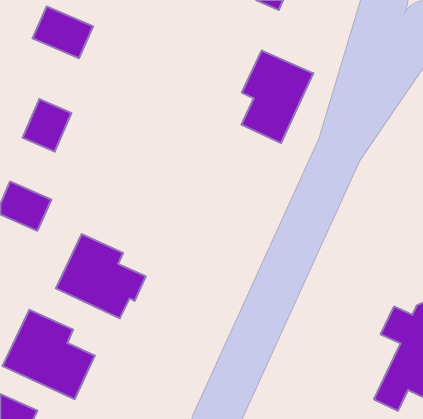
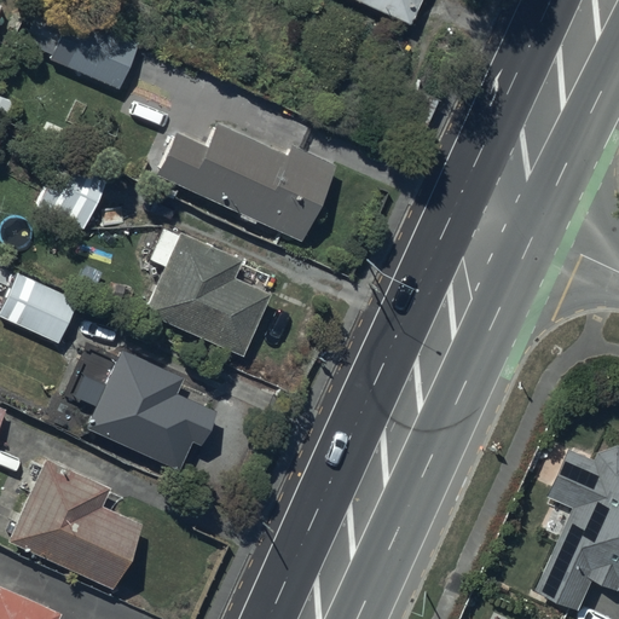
building: [242,50,313,143] -> none
building: none -> [156,125,335,243]
building: none -> [145,228,271,355]

